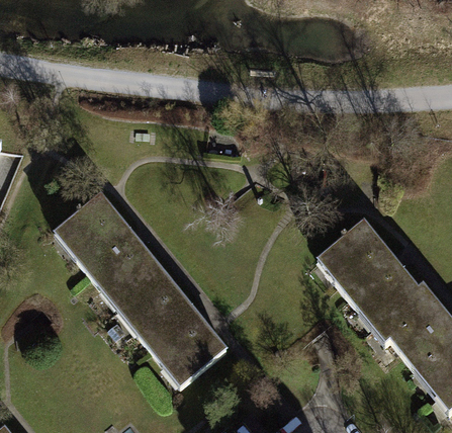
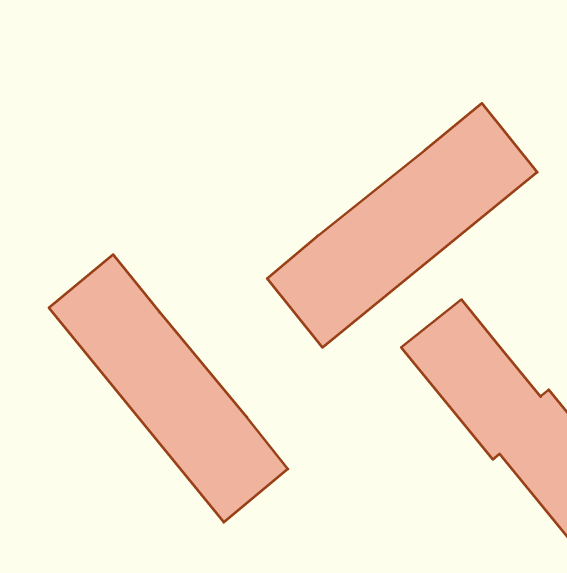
building: none -> [267,103,537,347]

